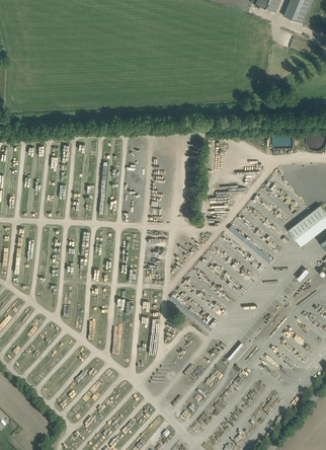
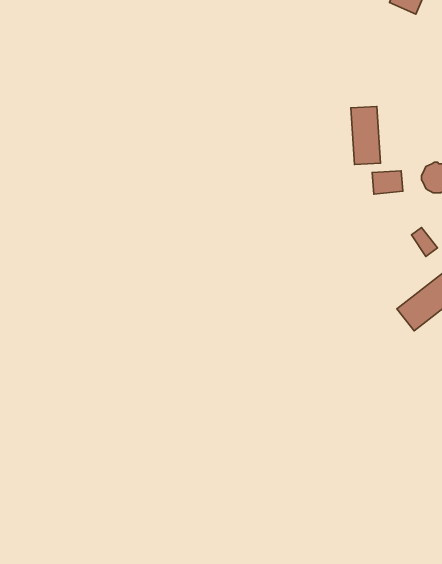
building: none -> [351,106,380,164]

